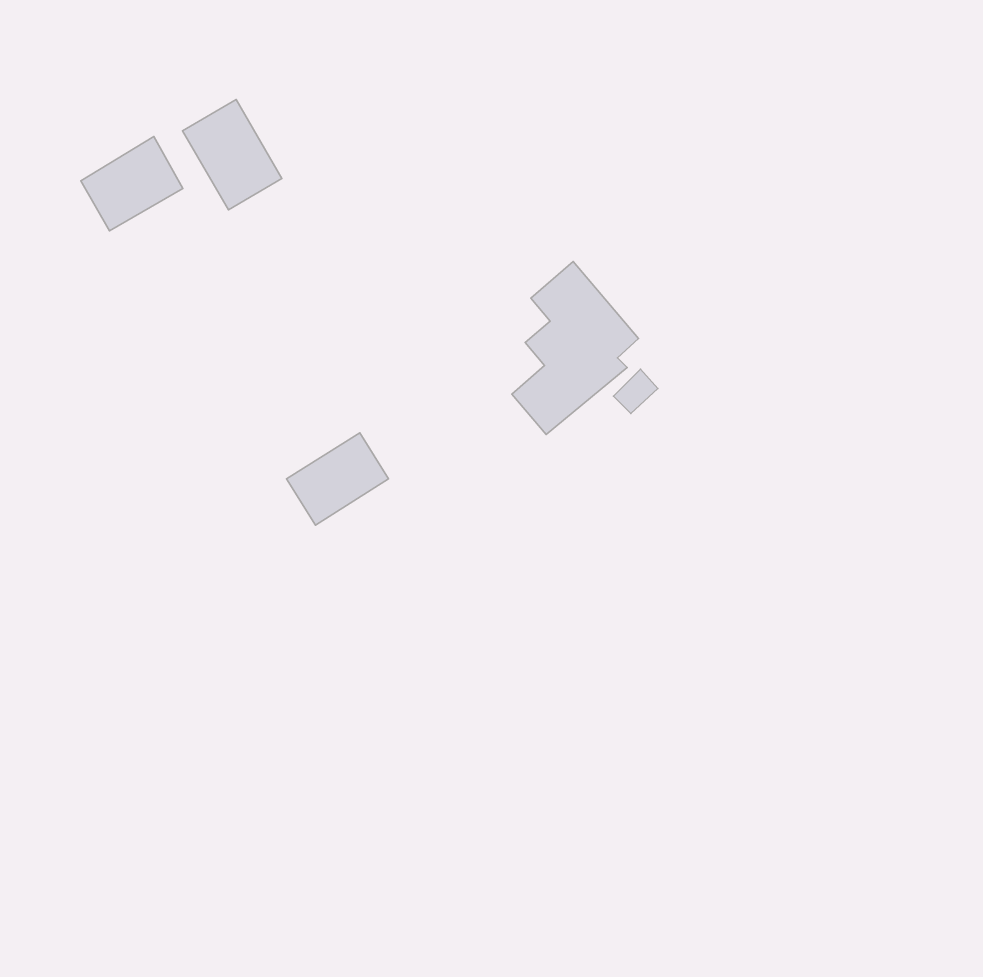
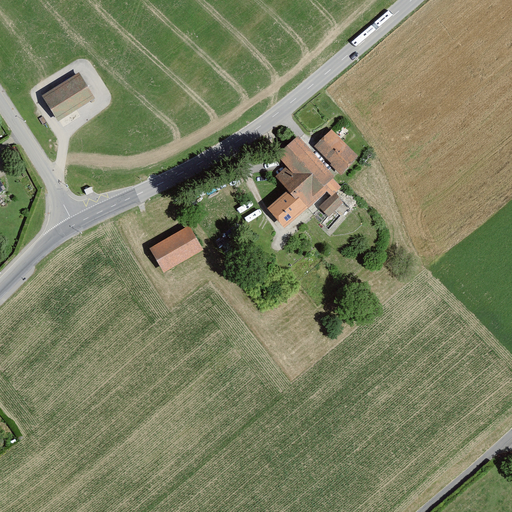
building: [183,99,282,210] -> none
building: none -> [314,129,357,173]

